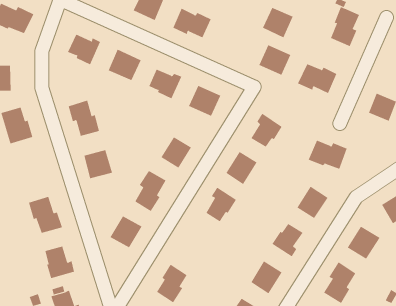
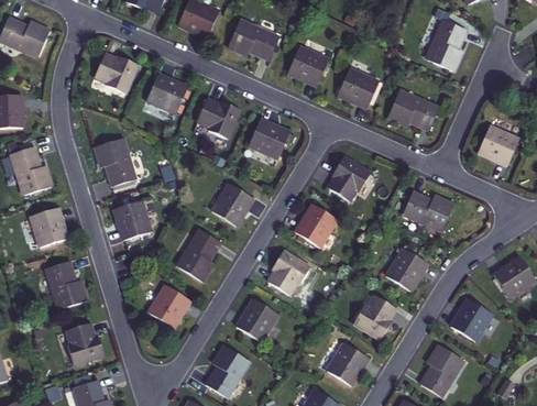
building: [262,7,293,38] -> [287,47,327,87]
building: none -> [31,208,68,246]
building: none -> [235,298,276,340]

